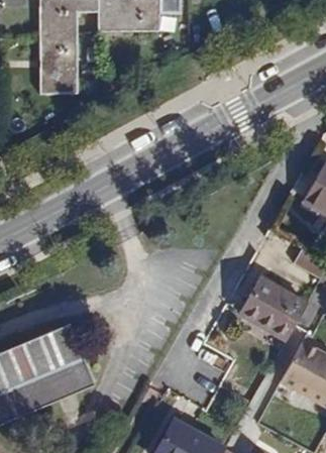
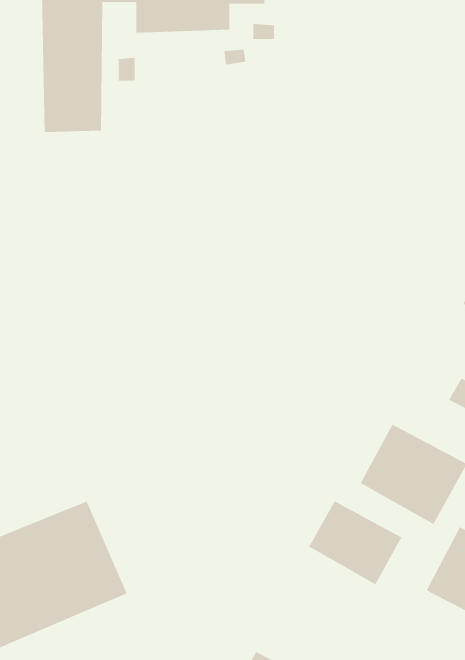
building: none -> [308,500,402,585]

